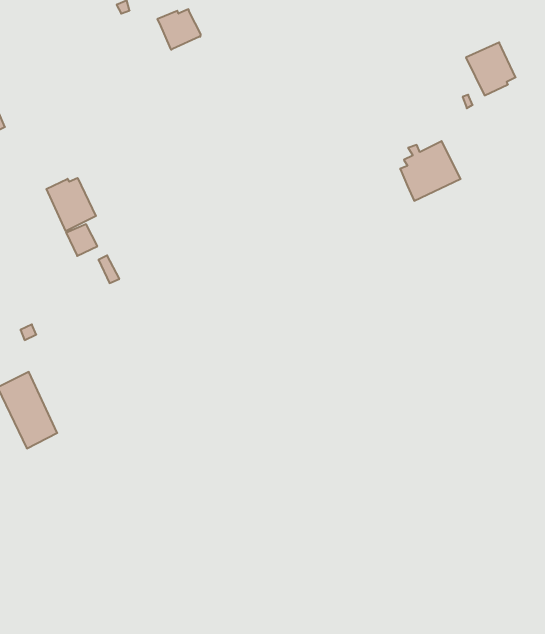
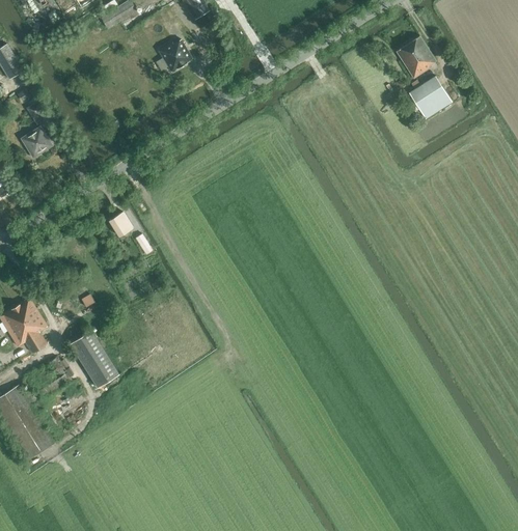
building: [400,141,461,201] -> [406,75,453,122]
building: [46,178,96,231] -> none

